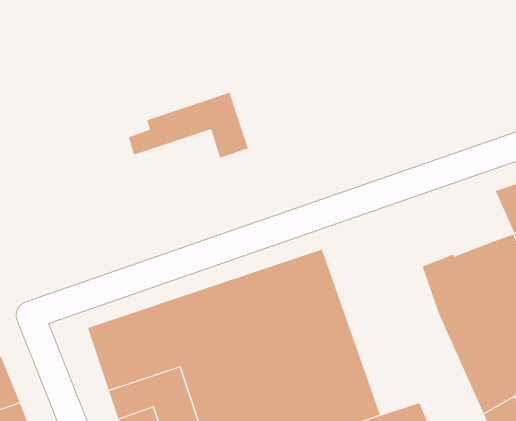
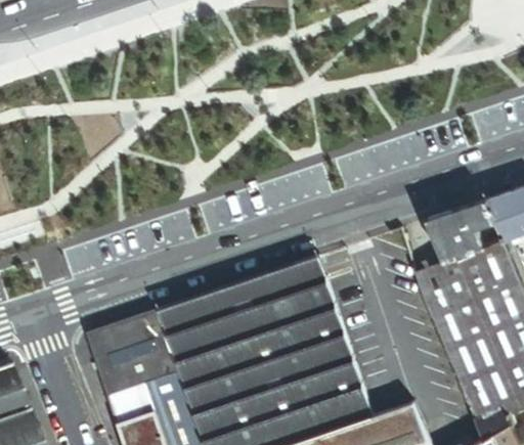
building: [128,92,249,159] -> none
building: none -> [430,201,497,264]

